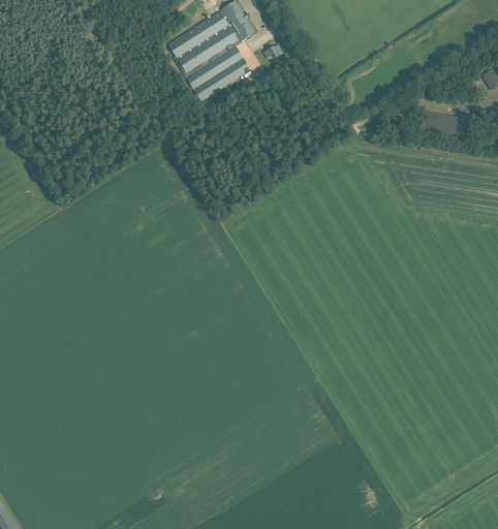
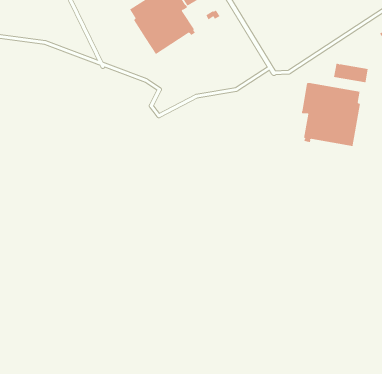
building: none -> [301,82,360,147]

